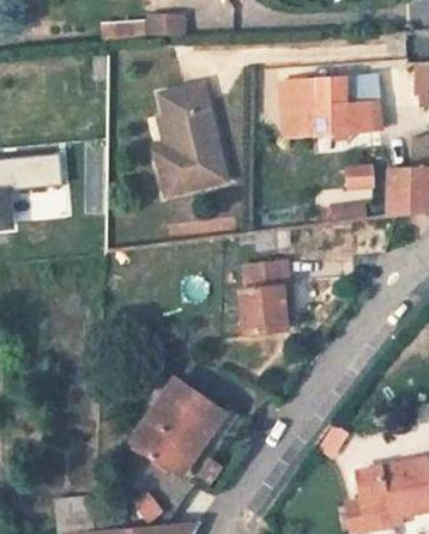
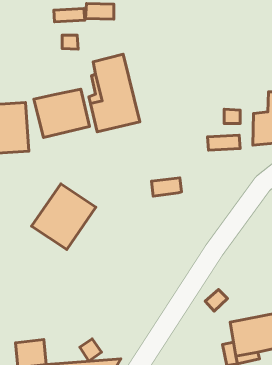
building: [280,75,367,136] -> none
building: none -> [34,89,89,137]
building: [240,284,286,332] -> none
building: [131,380,223,474] -> [32,184,96,250]

